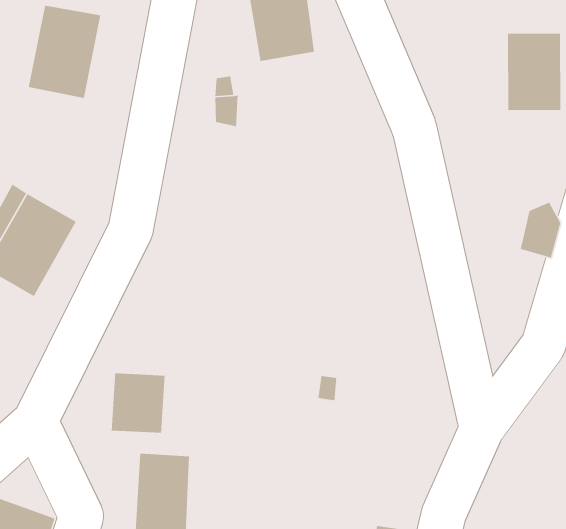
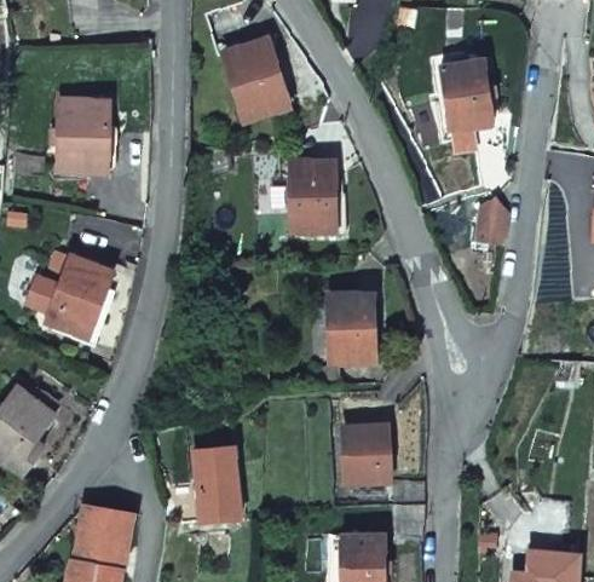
building: none -> [288,160,336,232]
building: none -> [328,295,374,361]
building: [111,373,165,433] -> none
building: none -> [344,425,388,483]

